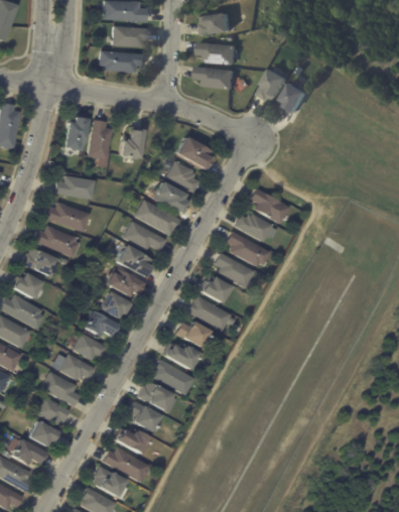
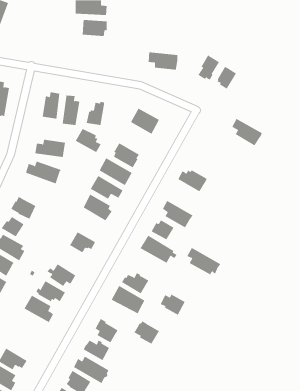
building: [205,11,233,35] -> none
building: [200,41,238,63] -> none
building: [101,50,144,72] -> none
building: [166,160,200,191] -> [75,128,101,153]
building: [251,188,290,224] -> [232,118,263,146]
building: [34,225,79,257] -> none
building: [227,231,270,266] -> [187,247,221,275]
building: [107,266,143,297] -> none
building: [82,309,120,338] -> none
building: [178,321,211,348] -> [160,294,186,315]
building: [140,381,173,411] -> [134,321,160,345]
building: [35,396,71,424] -> none
building: [26,419,59,446] -> none

